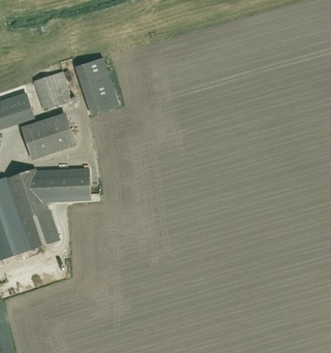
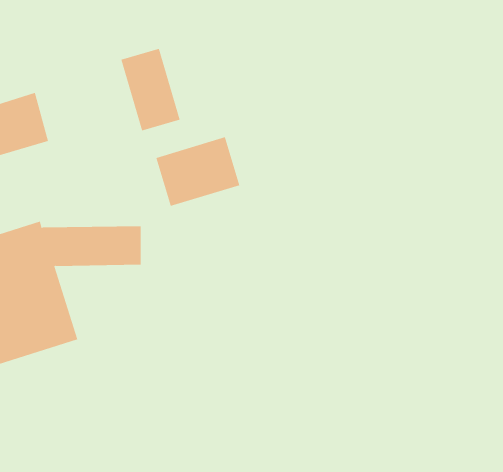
building: [32,71,70,109] -> none
building: [22,115,75,159] -> [155,137,240,207]

